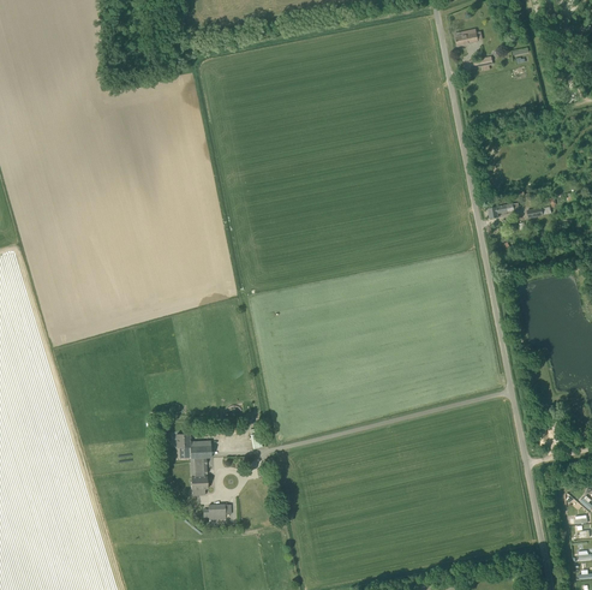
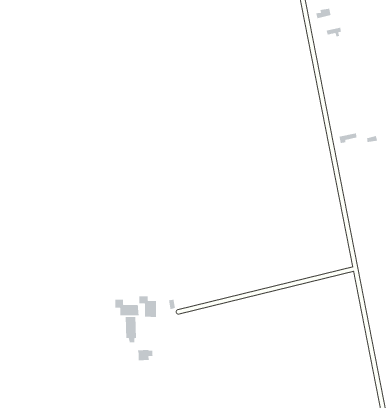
building: none -> [139,296,157,318]

